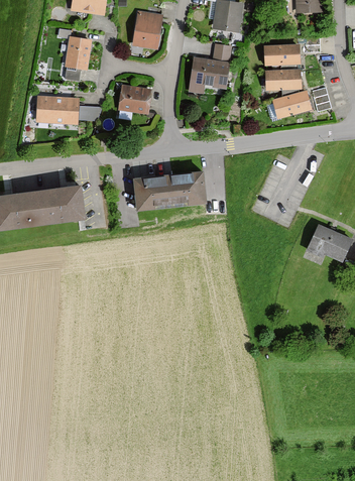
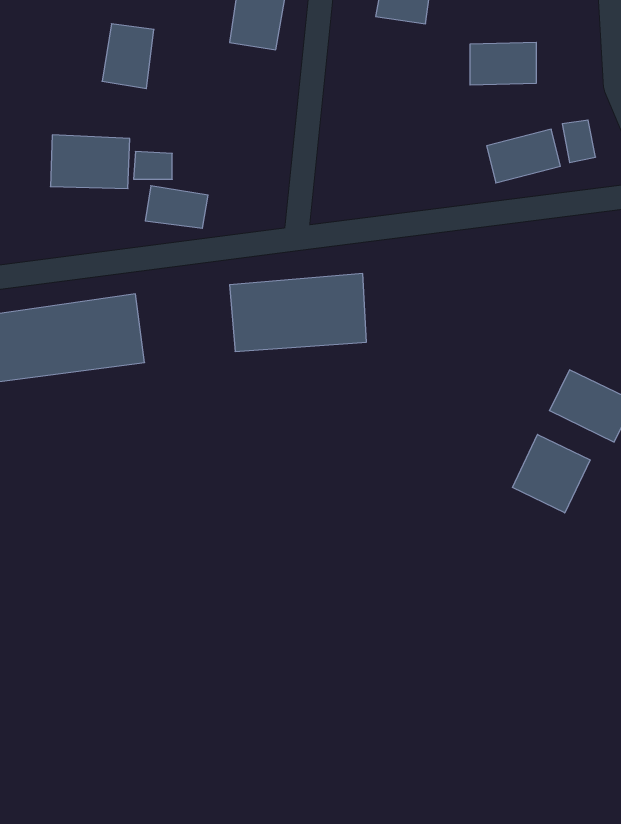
building: [187,44,232,99] -> none
building: [264,70,302,92] -> none
building: [118,85,152,108] -> [145,186,208,228]
building: none -> [512,434,590,513]

